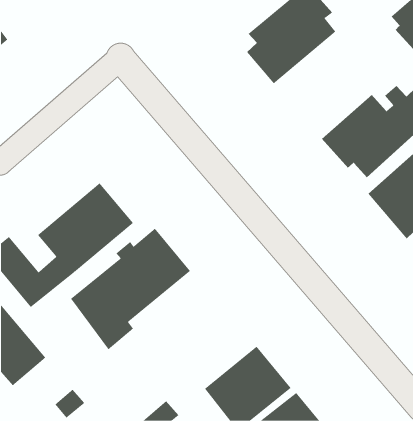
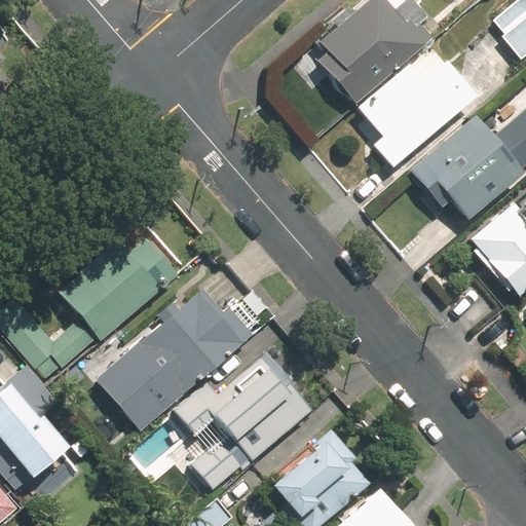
building: none -> [360,59,477,167]
building: none -> [178,353,312,489]

